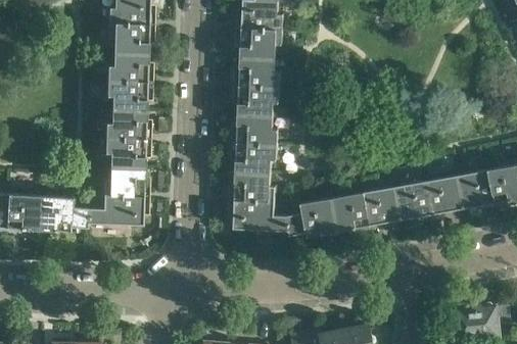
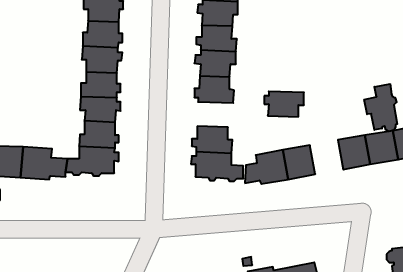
building: none -> [364,84,397,131]
building: [231,144,276,173] -> [264,91,304,117]
building: [363,187,401,226] -> none

